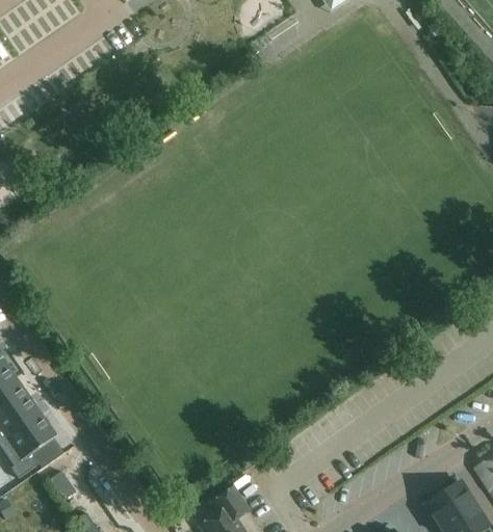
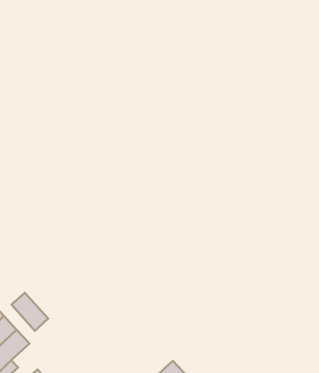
building: none -> [12,293,48,331]

